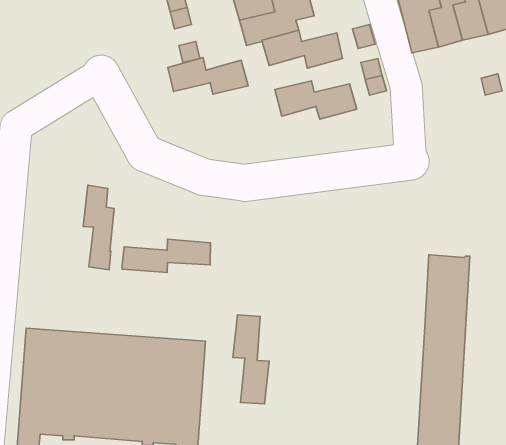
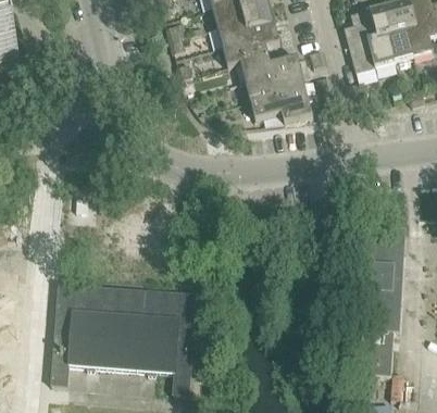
building: [168,57,248,94] -> [246,72,308,100]
building: [83,185,114,270] -> none
building: [122,239,211,272] -> none
building: [233,315,269,404] -> none

